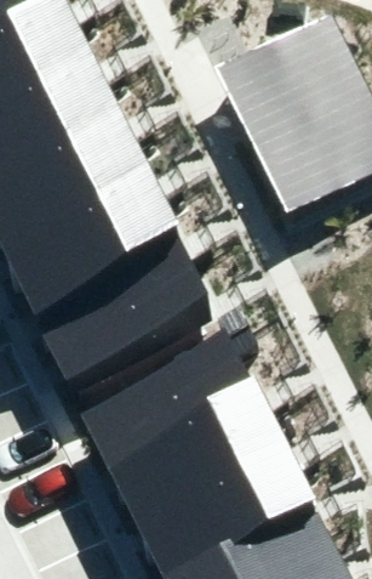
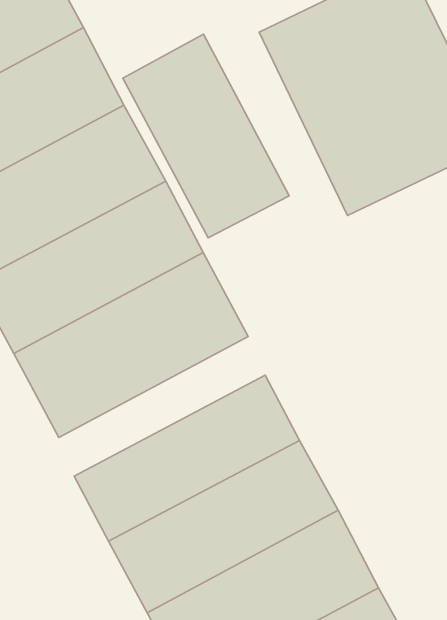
building: none -> [123,34,289,238]

